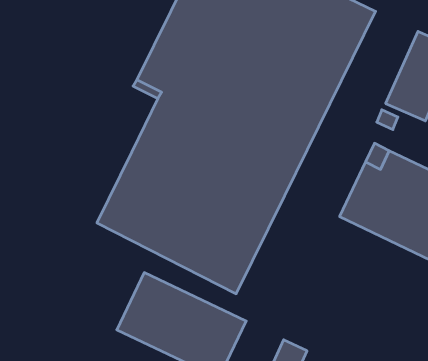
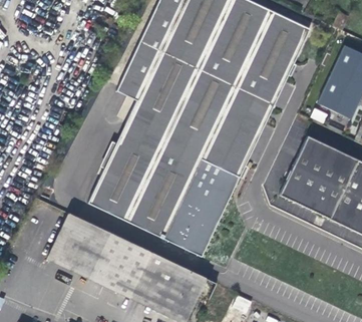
building: none -> [47,213,123,285]

